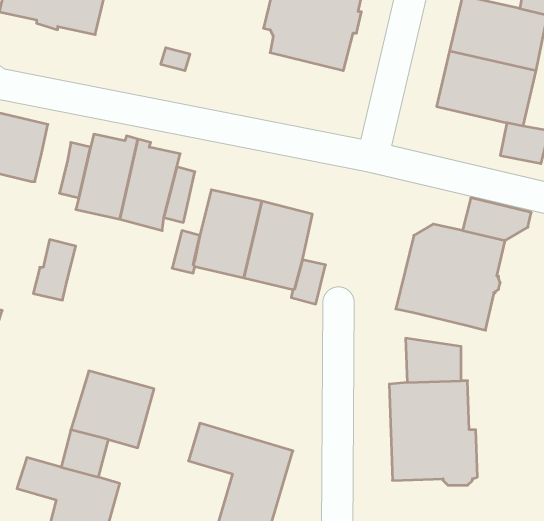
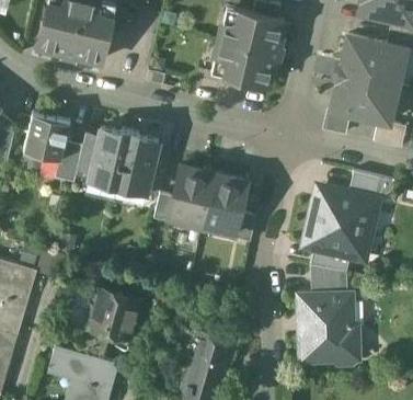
building: [33,240,76,300] -> [55,142,83,183]
building: none -> [310,249,351,272]

